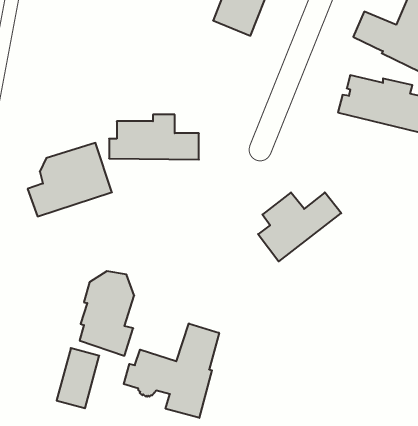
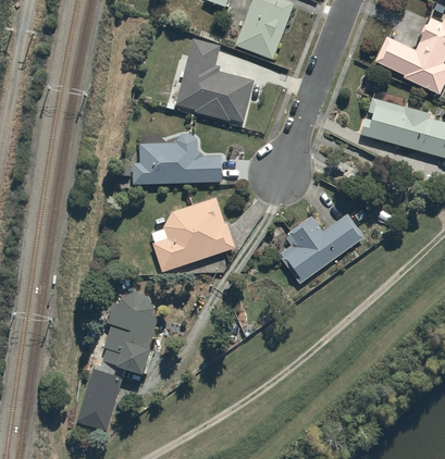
building: none -> [176,39,254,123]
building: [28,143,112,216] -> [152,198,236,271]
building: [124,323,219,418] -> none

